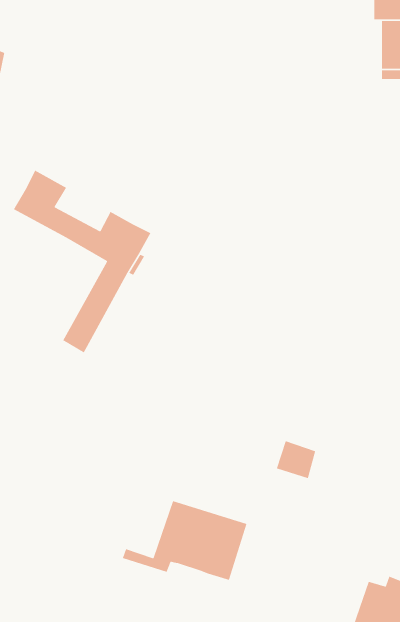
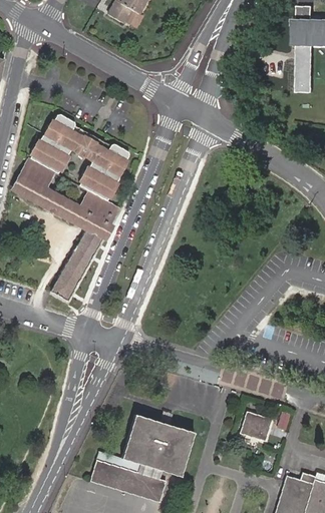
building: none -> [29,114,127,200]
building: [276,440,316,479] -> [240,411,271,441]
building: none -> [89,459,166,503]

